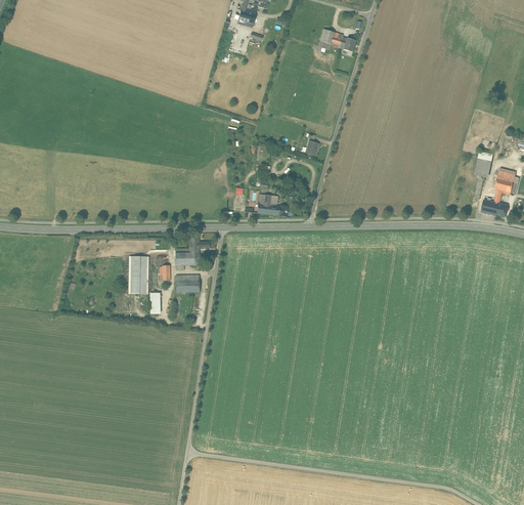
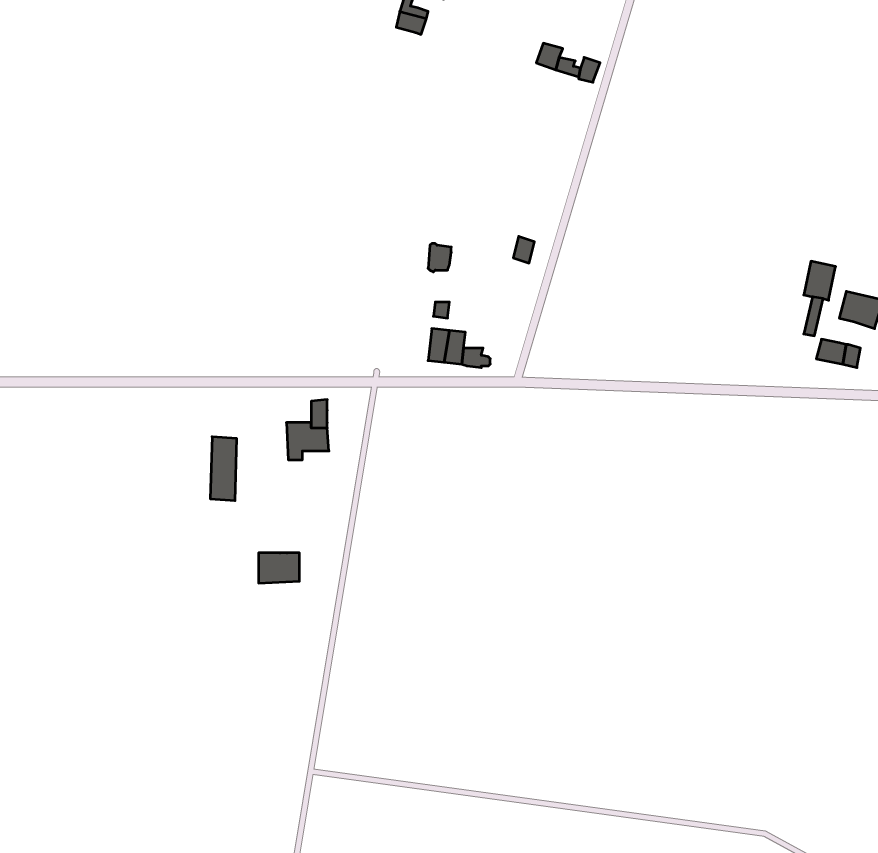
building: [176,275,200,292] -> [259,553,299,583]

